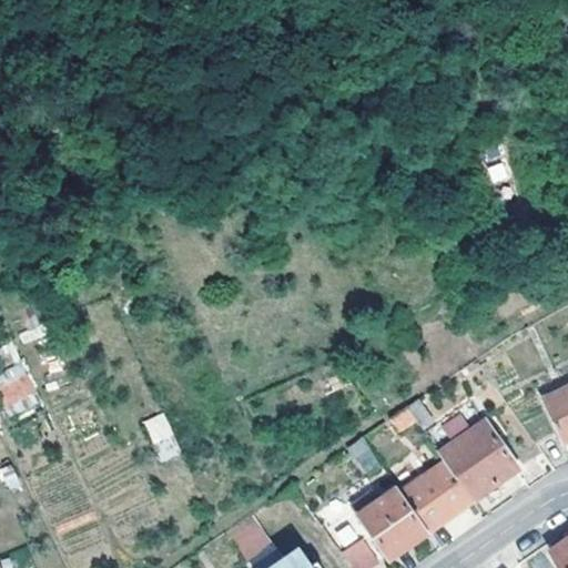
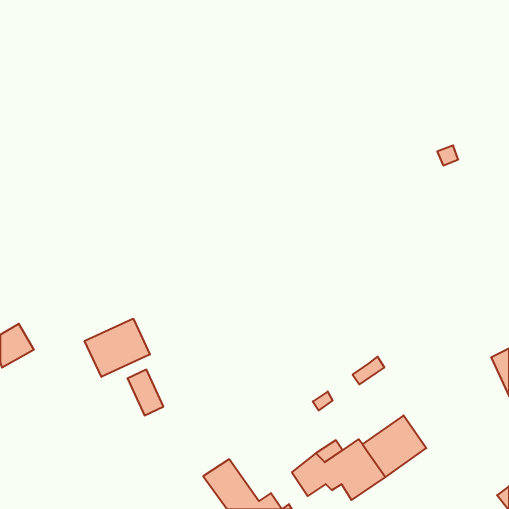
building: none -> [85,319,150,377]
building: [443,422,520,499] -> none

